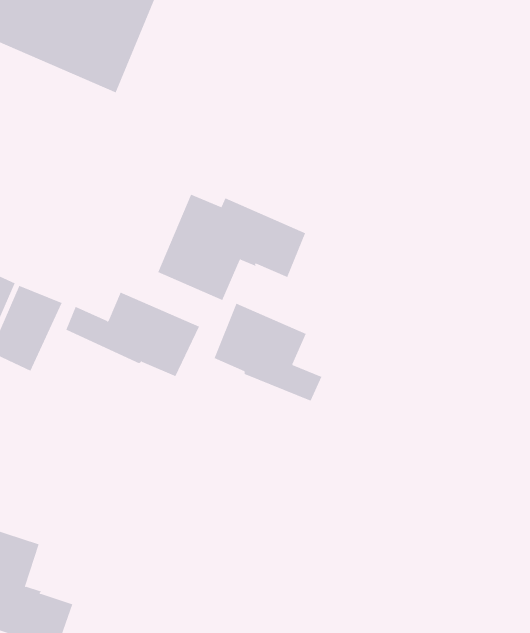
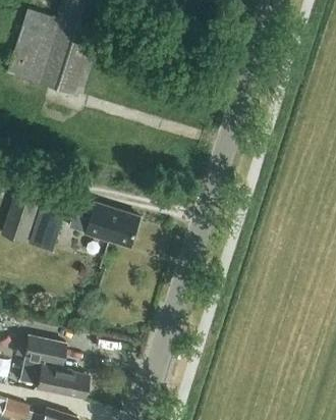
building: [157,194,306,301] -> none
building: [214,303,322,402] -> none

